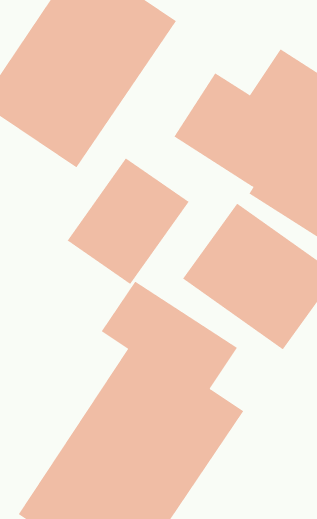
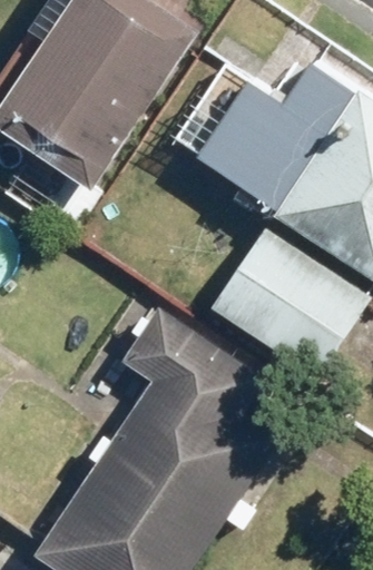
building: [67,157,189,285] -> none

